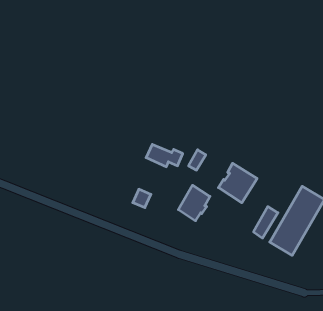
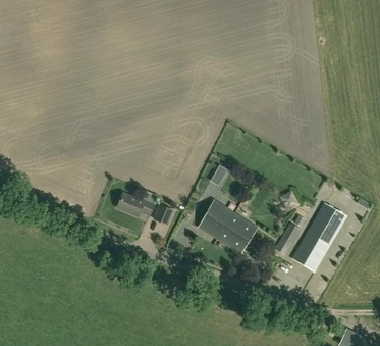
building: [146,144,183,167] -> [117,193,154,215]
building: [218,163,257,203] -> [217,212,256,252]

